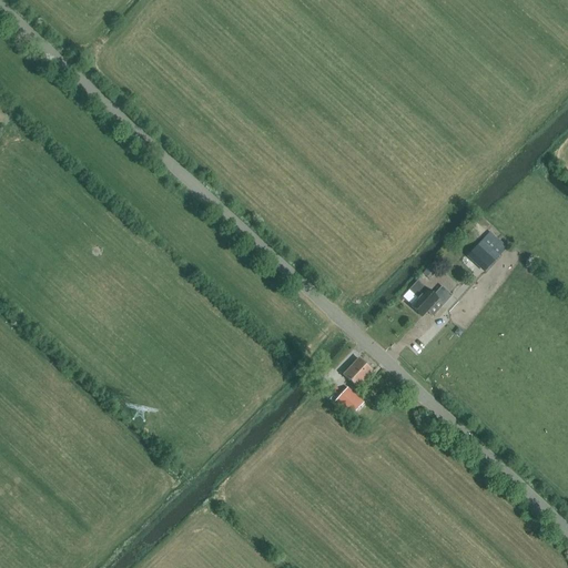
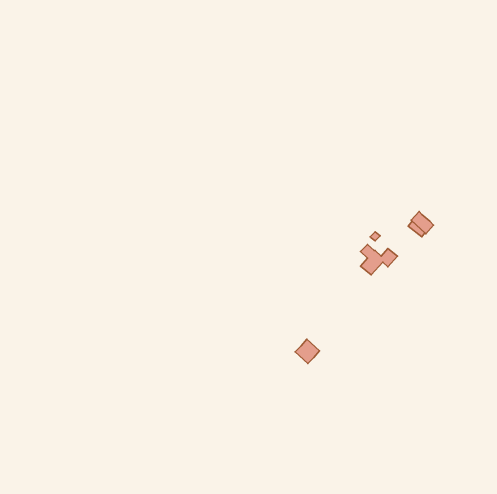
building: [344,355,374,387] -> none

